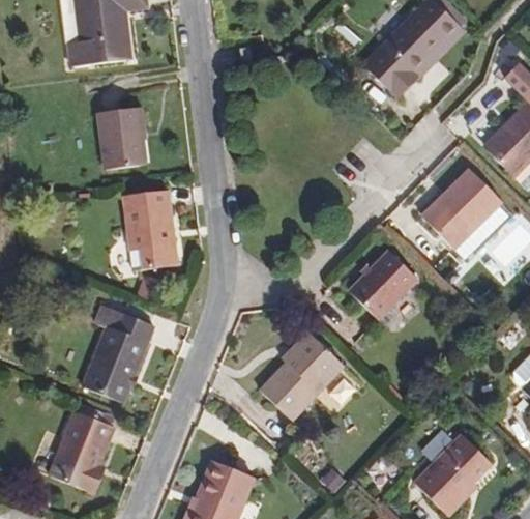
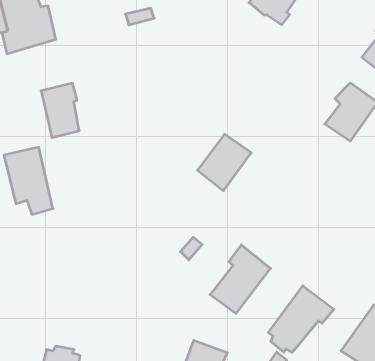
building: [127,204,175,282] -> [4,147,53,214]
building: [356,251,422,317] -> [197,134,251,191]
building: [81,320,147,410] -> none
building: none -> [268,286,334,352]

